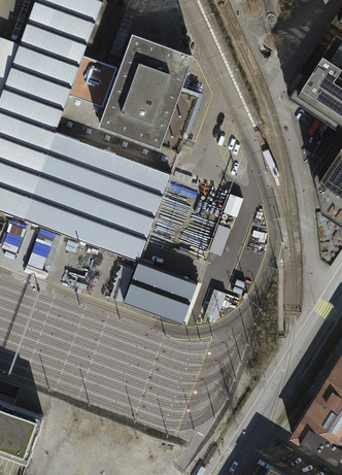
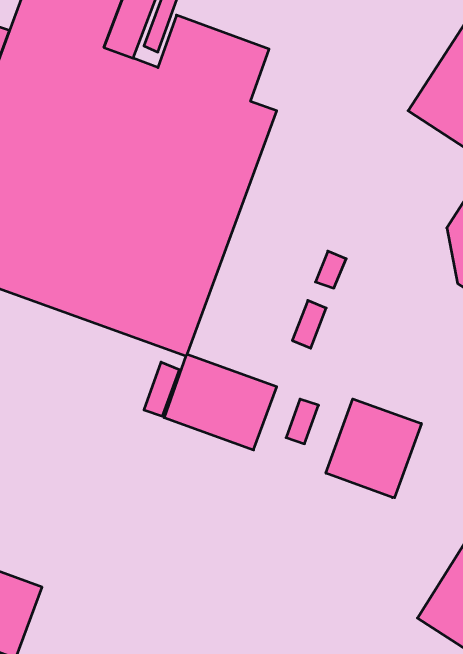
building: none -> [326,399,421,498]

